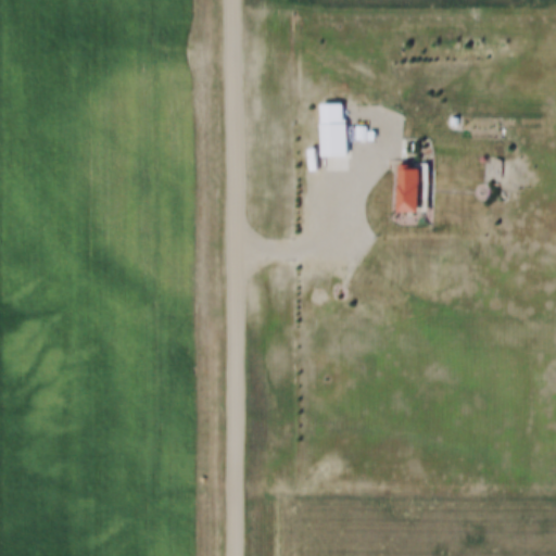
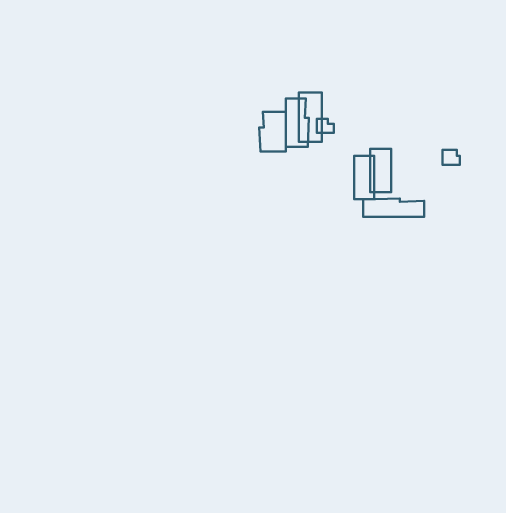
building: none -> [259,112,286,151]
building: none -> [363,199,424,217]

